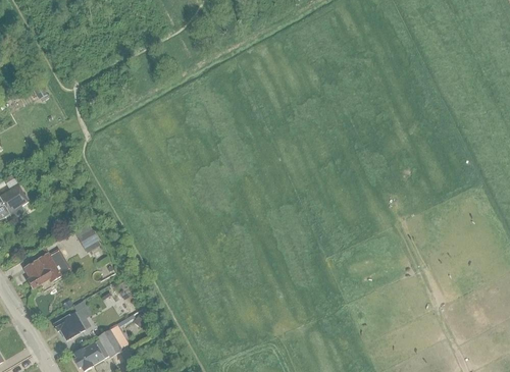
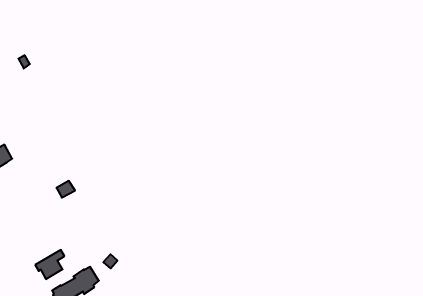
building: [23,250,70,288] -> none

